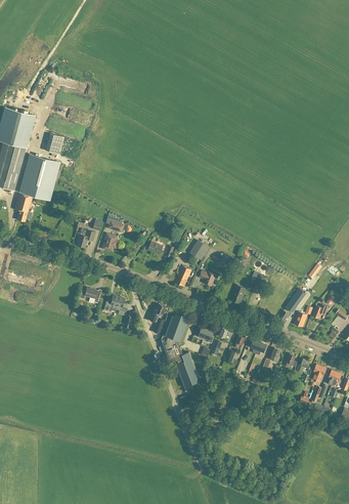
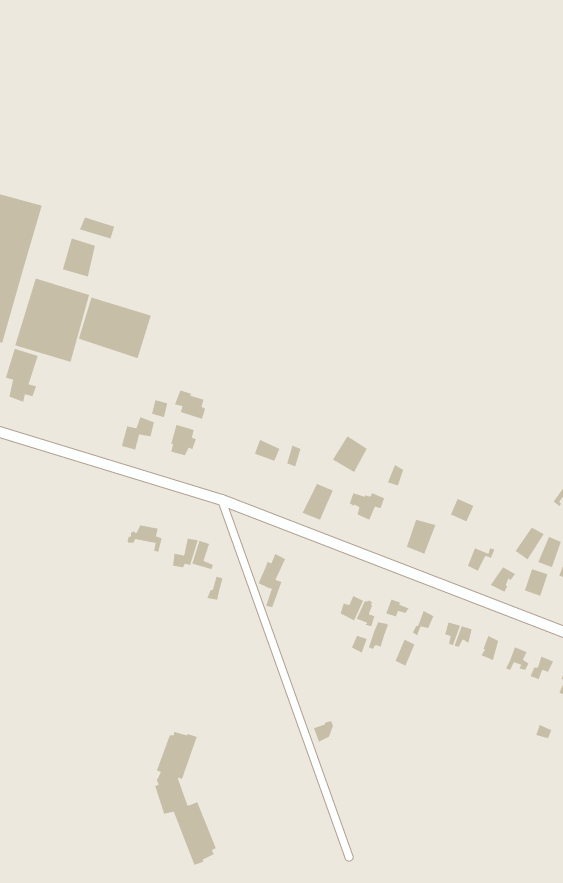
building: none -> [78,297,152,359]
building: [165,313,199,386] -> [154,731,217,866]

